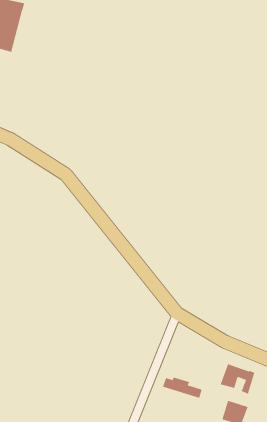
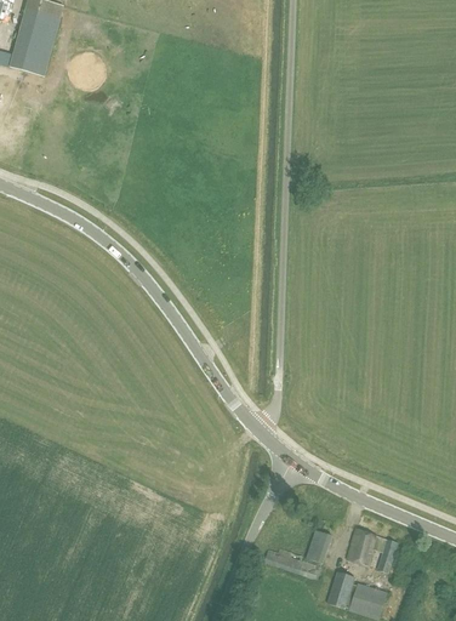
building: none -> [304,529,331,564]
building: none -> [326,571,354,609]

